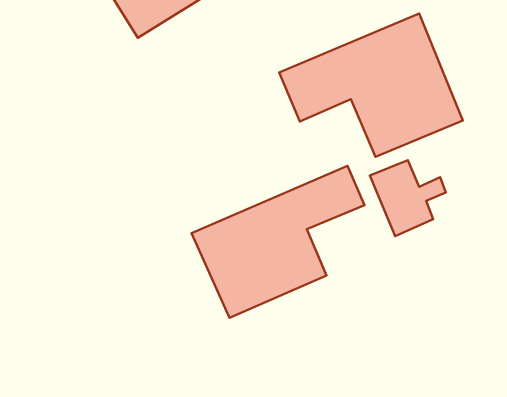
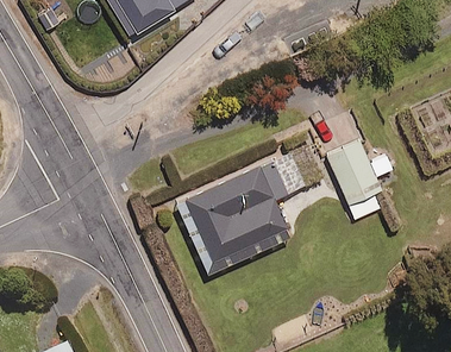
building: [279,14,463,157] -> none

